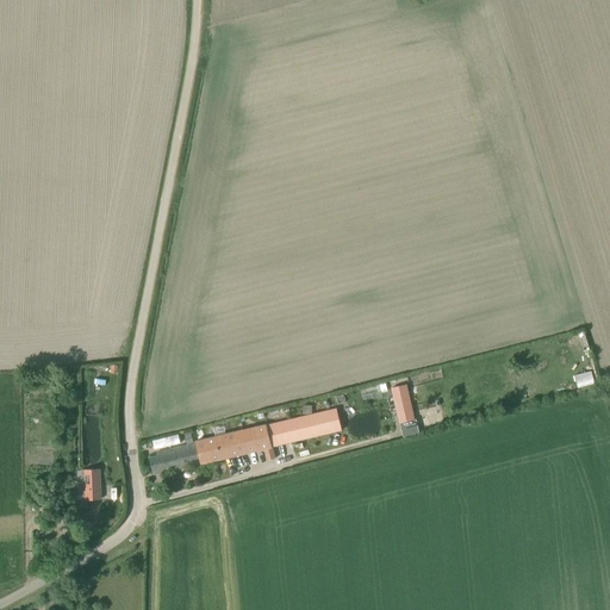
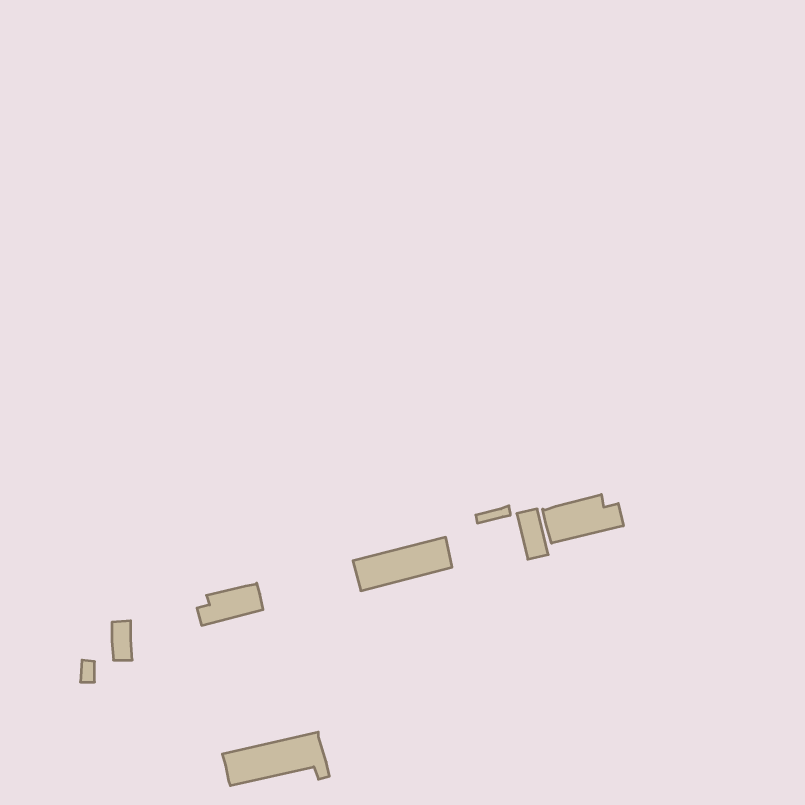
building: none -> [543,494,623,543]
building: [194,424,275,465] -> [222,732,329,786]

